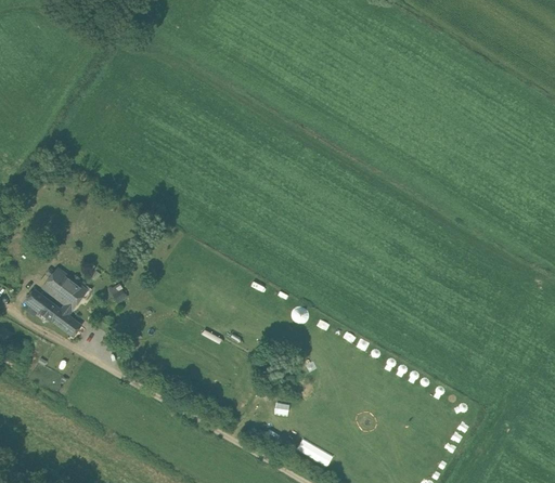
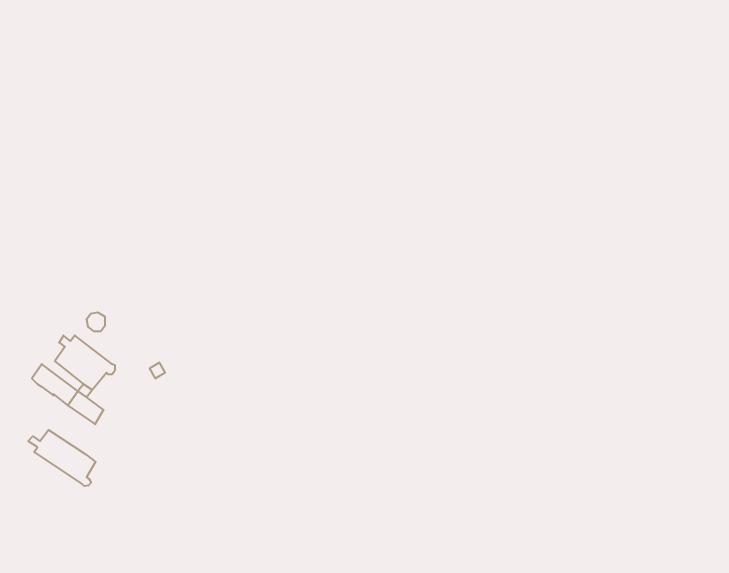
building: none -> [28,430,96,486]

